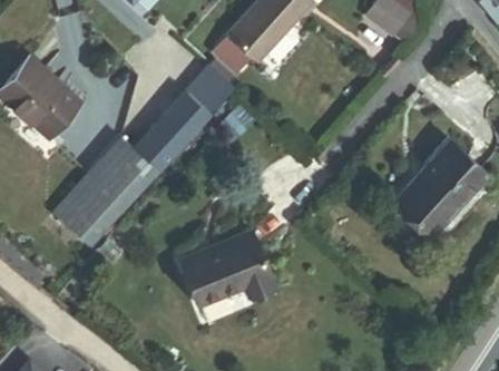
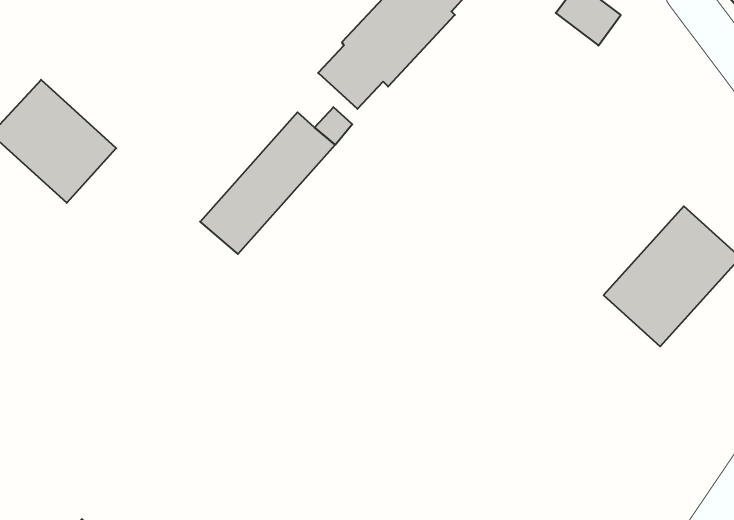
building: [53,138,159,248] -> none
building: [183,233,274,306] -> none

